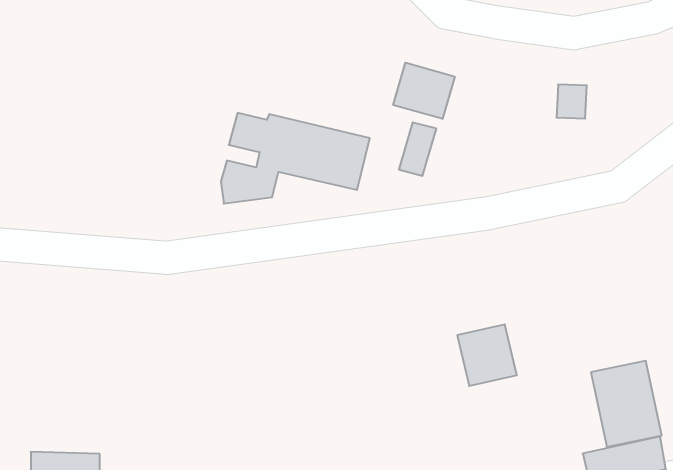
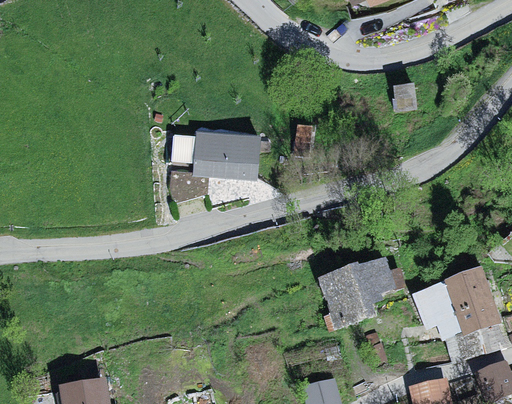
building: [393,63,455,119] -> none
building: none -> [314,267,363,325]
building: none -> [415,280,462,336]

